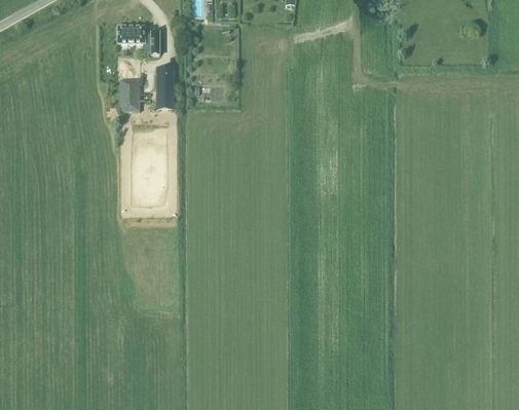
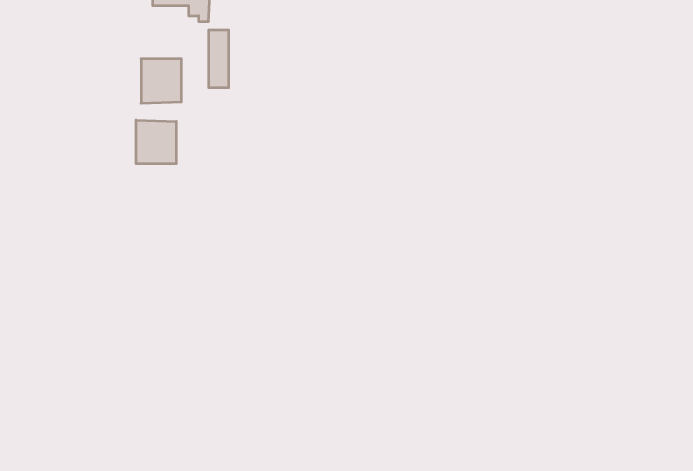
building: none -> [136,120,176,164]

